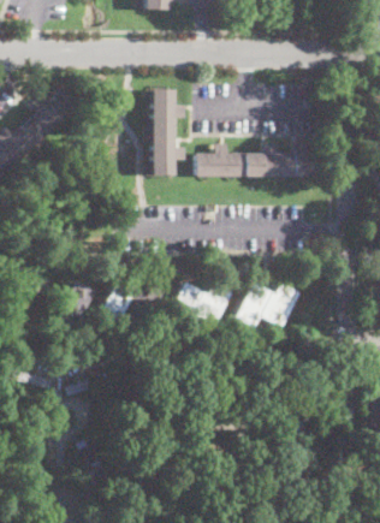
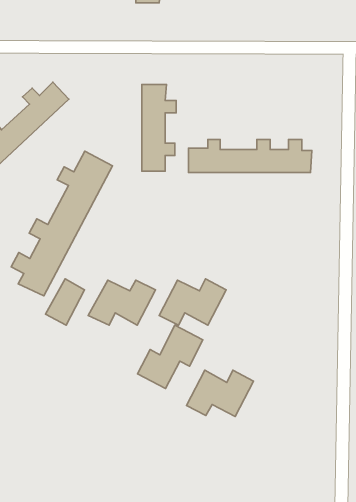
building: none -> [11,151,113,296]
building: [236,281,302,327] -> [186,370,254,417]
building: none -> [137,325,203,388]

